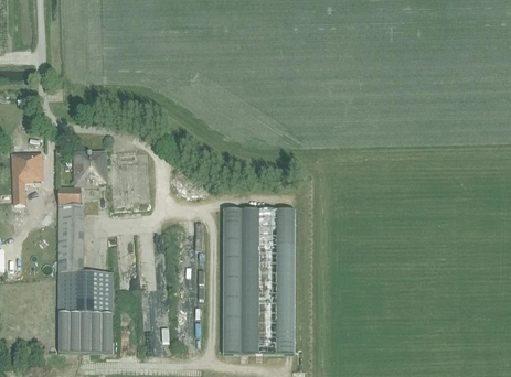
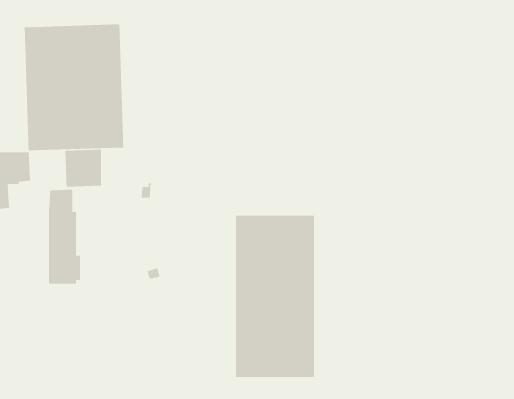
building: none -> [24,24,124,151]
building: [56,270,113,351] -> none

